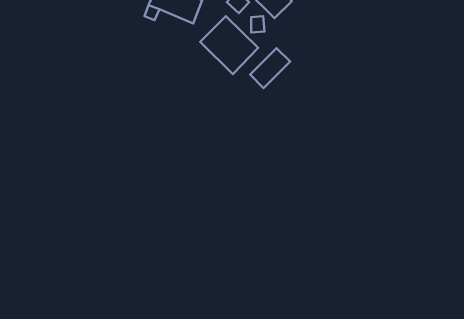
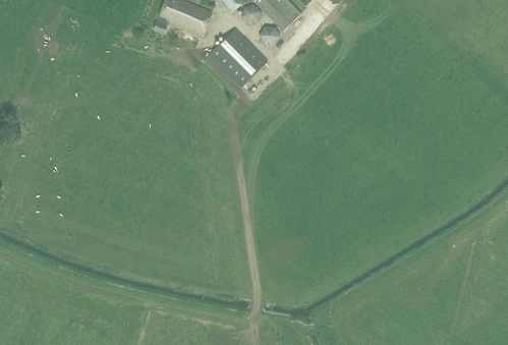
building: [250,48,290,88] -> none

